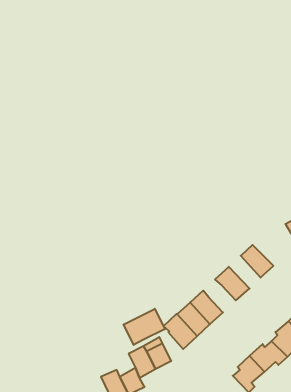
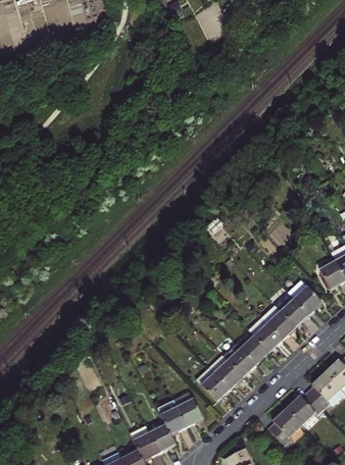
building: none -> [287,282,322,317]
building: none -> [262,307,295,341]
building: none -> [242,338,269,365]
building: [124,309,165,345] -> none

